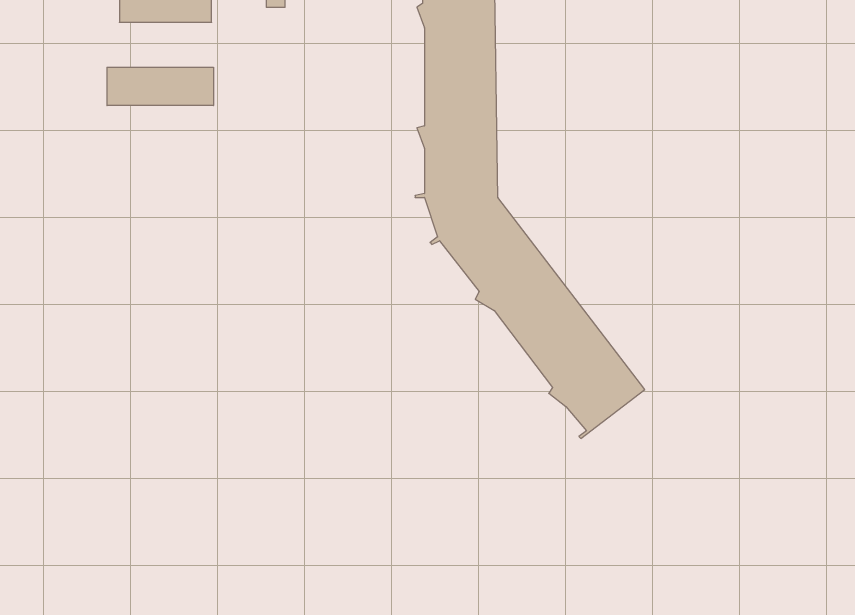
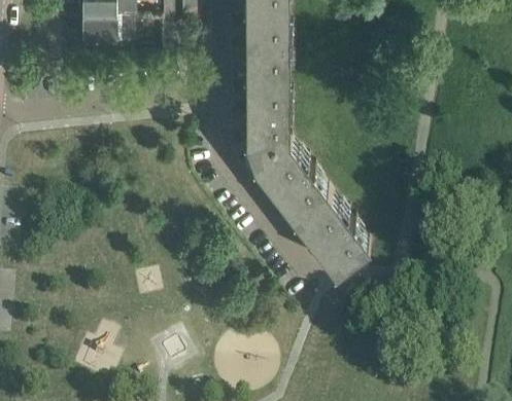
building: [107,67,213,106] -> none

